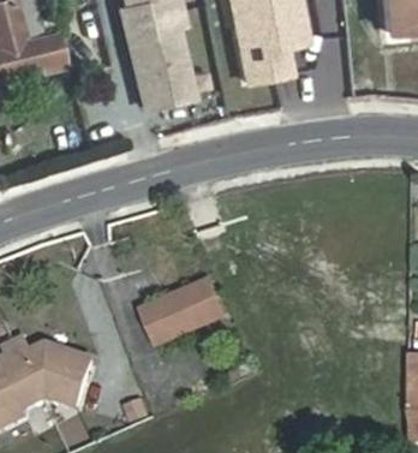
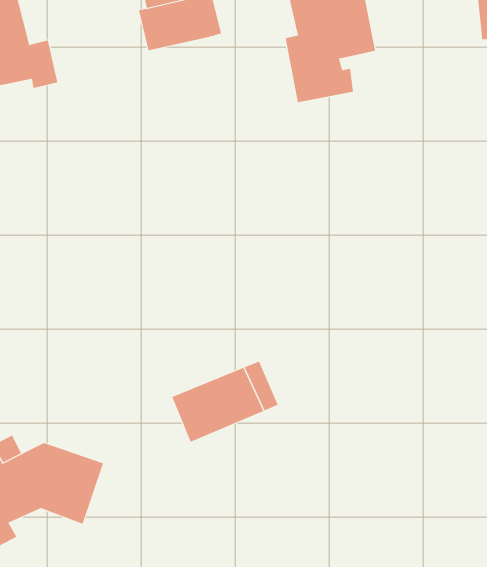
building: [127,31,191,112] -> none

